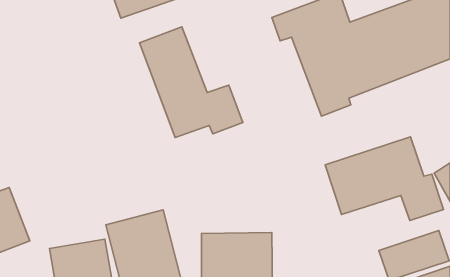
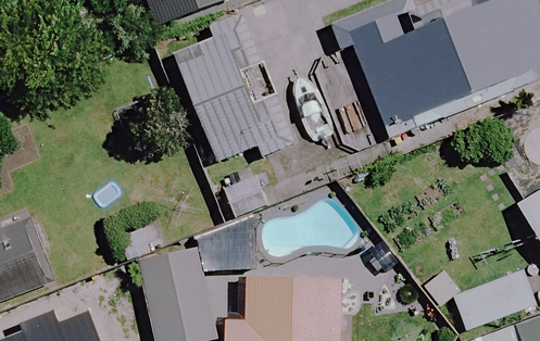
building: [325,137,443,221] -> none

